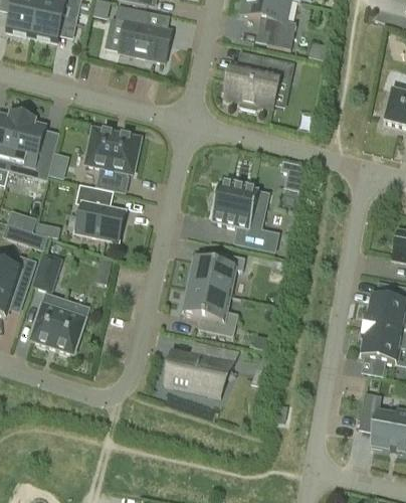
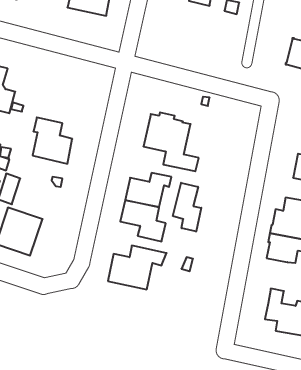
building: [222,54,293,109] -> none
building: [85,128,140,192] -> none
building: none -> [173,183,201,232]

